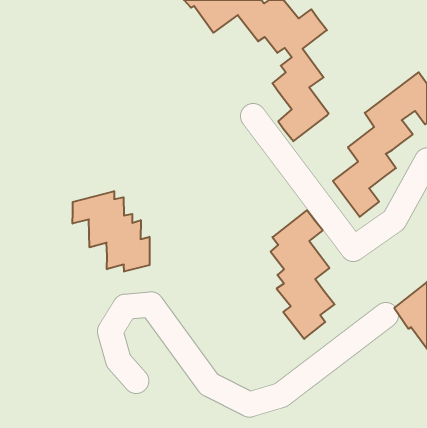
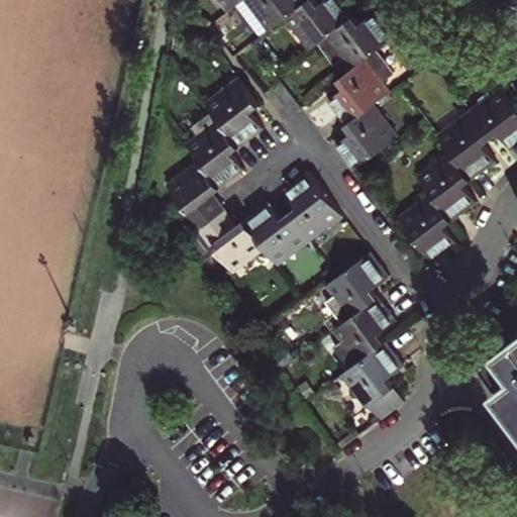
building: none -> [168,80,340,272]
building: [73,191,149,272] -> none

